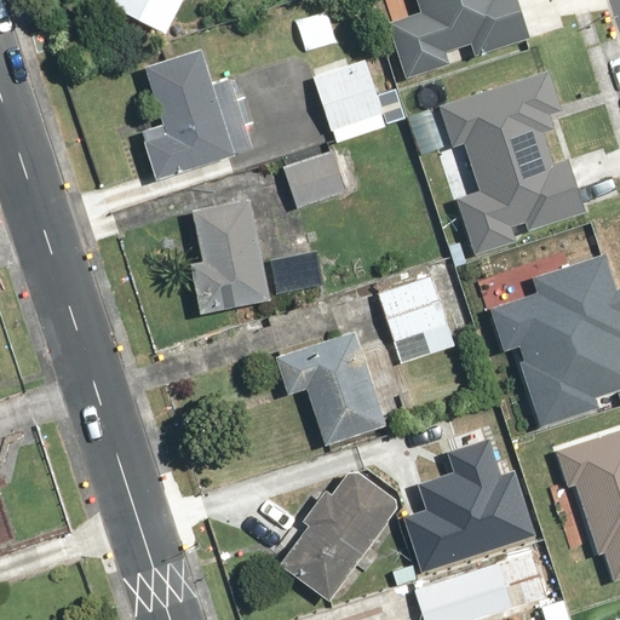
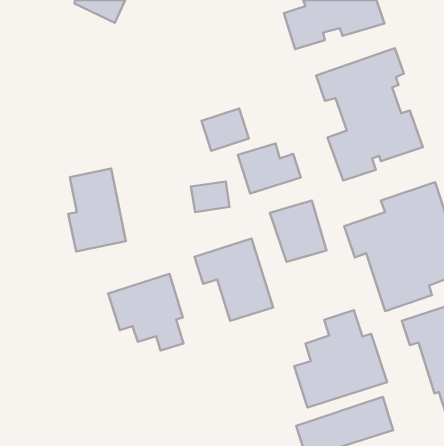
building: [137,51,230,179] -> none
building: [312,63,400,132] -> [238,143,301,193]
building: [185,200,265,315] -> [68,168,126,252]
building: none -> [108,274,183,350]
building: [276,467,396,602] -> none

